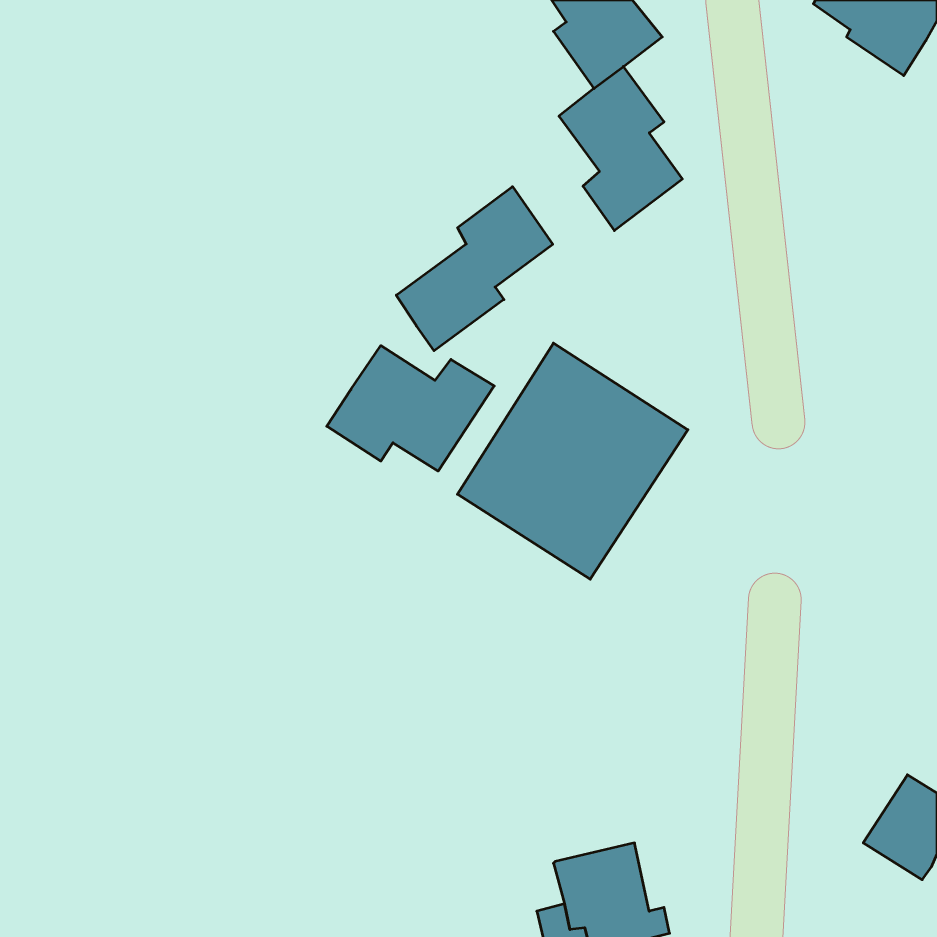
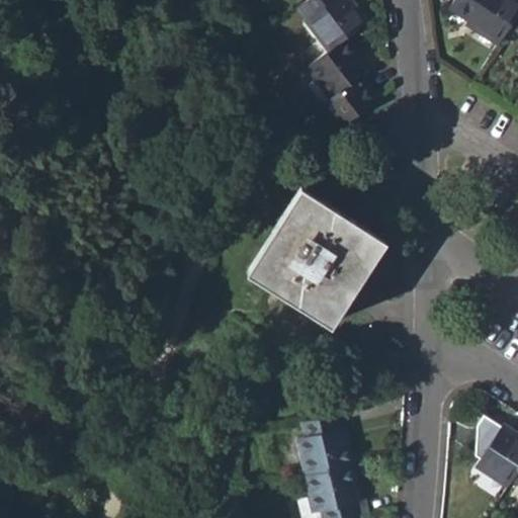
building: [396,187,553,351] -> none
building: [327,346,494,471] -> none
building: none -> [294,414,349,476]

